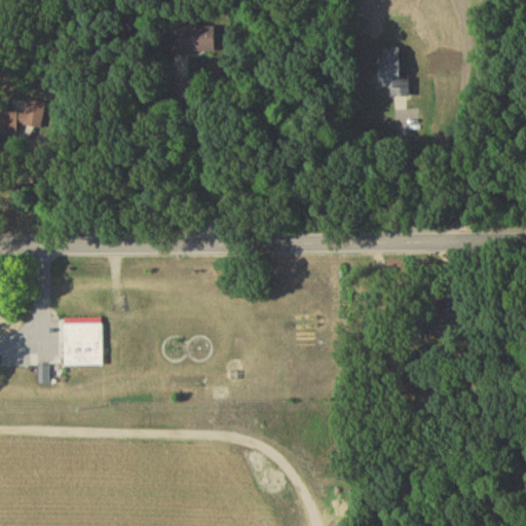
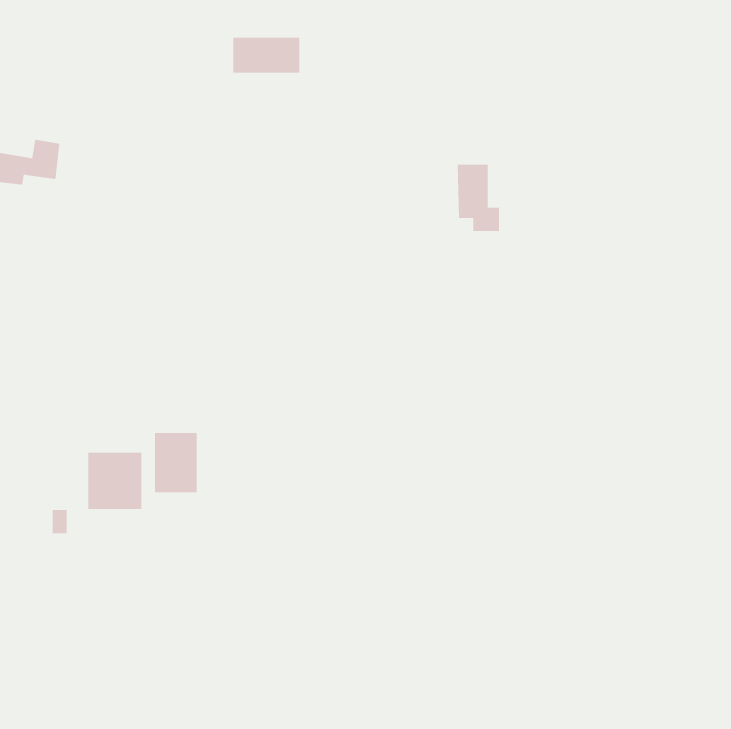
building: [378,48,409,97] -> [457,164,500,231]
building: none -> [155,432,197,493]

